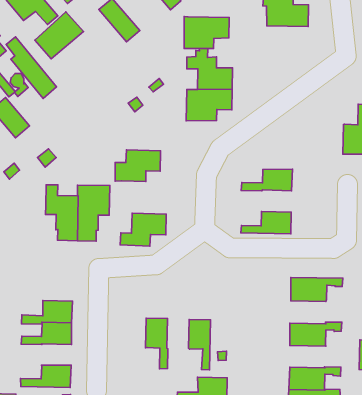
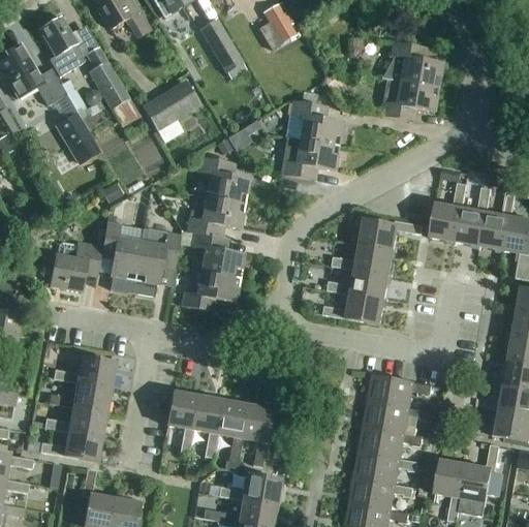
building: [35,12,83,59] -> [142,79,199,130]
building: [184,16,229,49] -> [380,78,438,120]
building: none -> [430,182,466,241]
building: none -> [197,157,249,204]
building: none -> [360,218,423,249]
building: none -> [192,231,244,278]
building: none -> [326,268,388,299]
building: none -> [49,242,102,291]
building: none -> [363,401,427,434]
building: none -> [166,391,197,453]
building: none -> [216,399,247,470]
building: none -> [44,405,106,435]
building: none -> [354,453,417,485]

